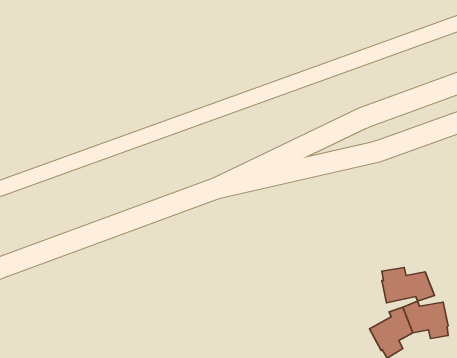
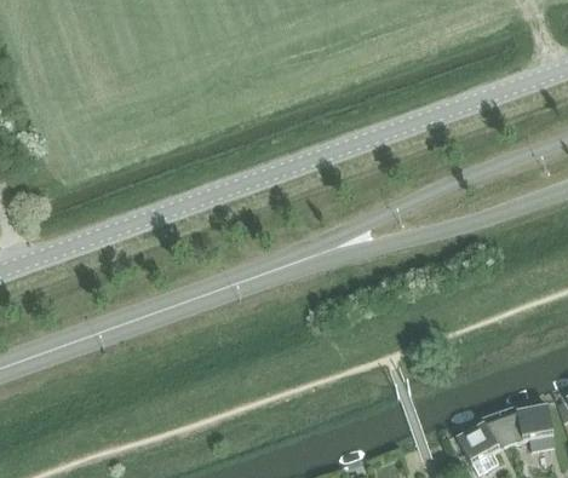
building: [382,268,434,303] -> none

